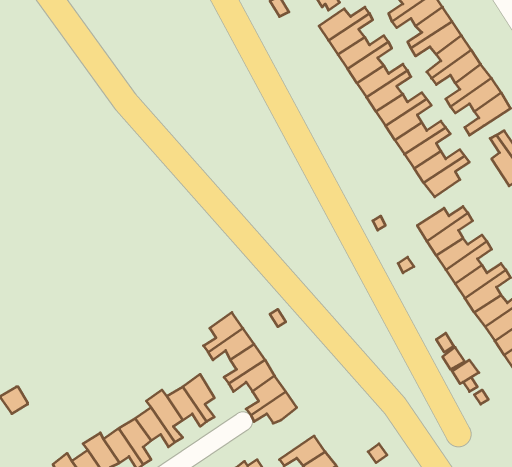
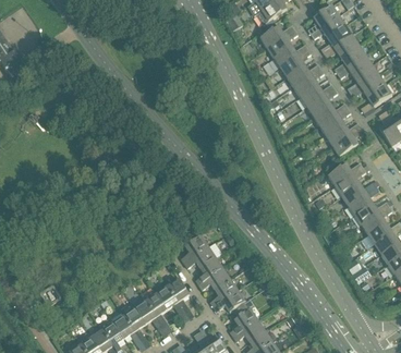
building: none -> [230,297,257,336]

